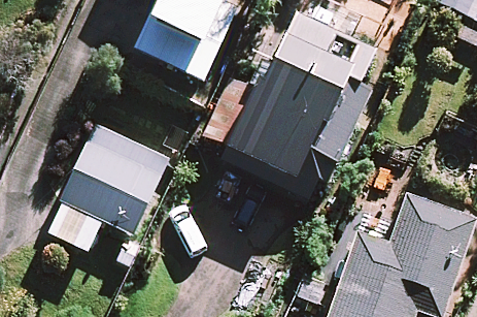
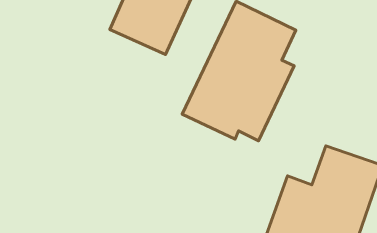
building: [45,129,166,250] -> none

